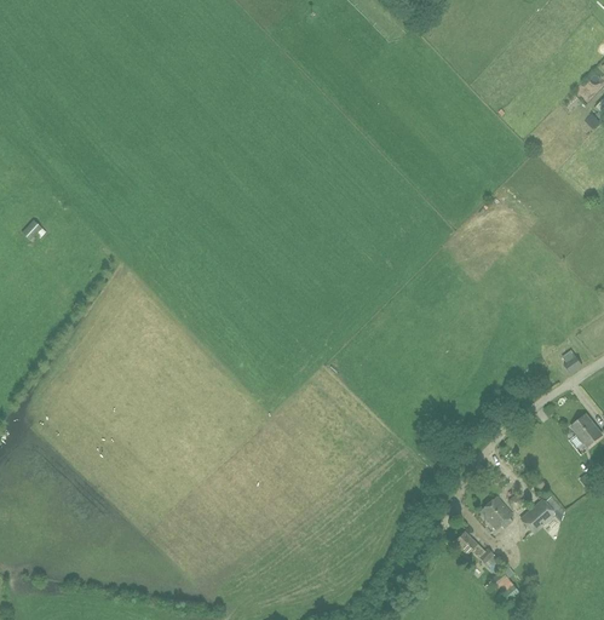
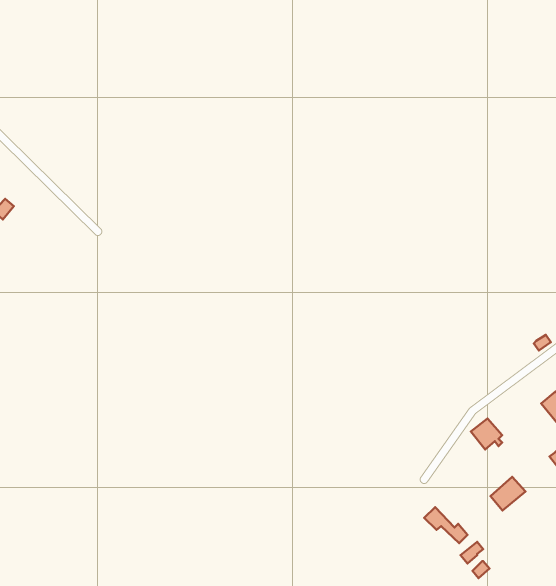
building: [479,495,511,527] -> [471,418,502,450]

